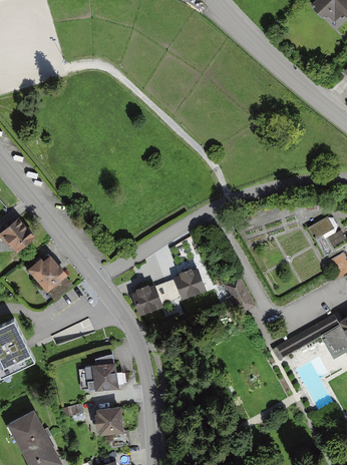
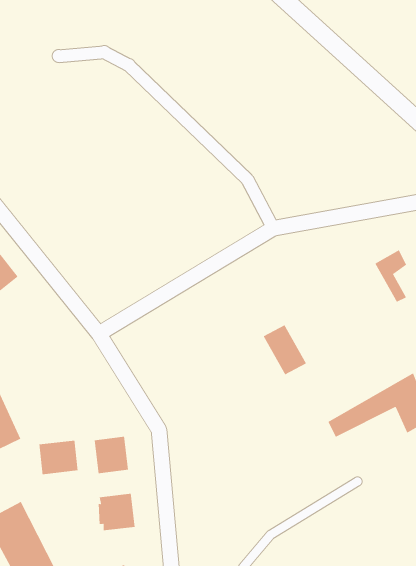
building: [29,257,73,301] -> none
building: [173,267,206,298] -> none
building: [130,283,163,315] -> none
building: none -> [39,440,78,475]

